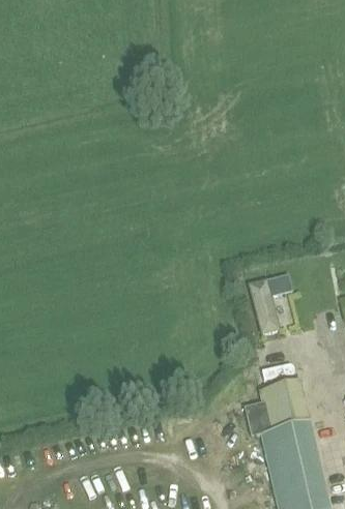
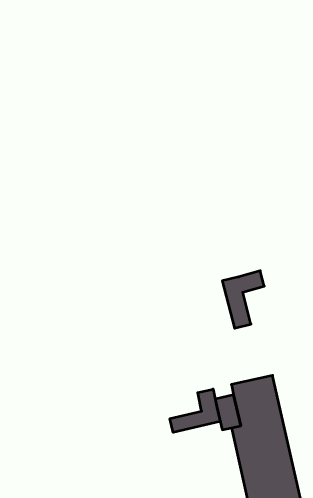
building: none -> [170,389,220,432]

